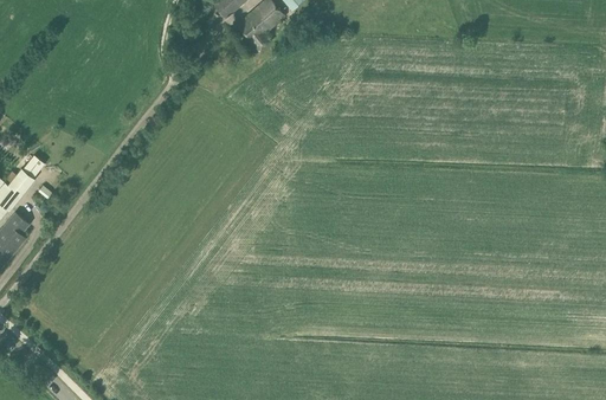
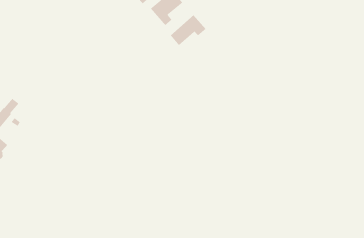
building: none -> [170,15,206,46]

